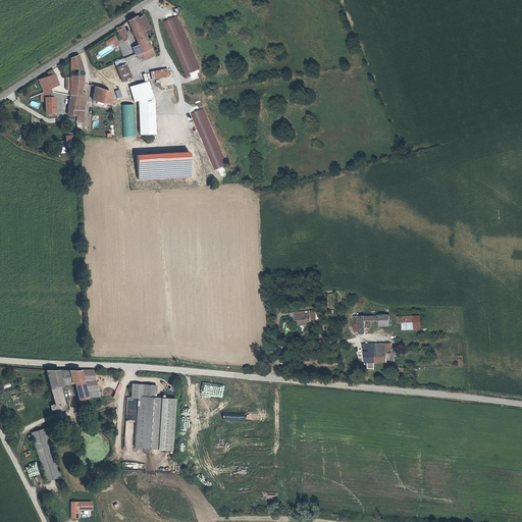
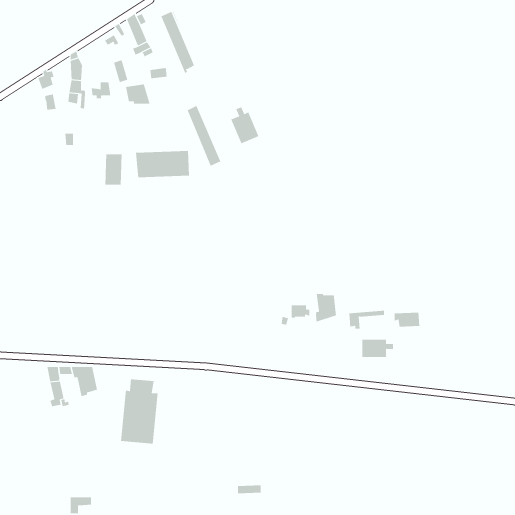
building: [135,106,153,138] -> [104,154,123,185]
building: none -> [231,106,259,144]
building: none -> [316,293,337,322]
building: [156,398,175,451] -> none
building: [32,429,61,481] -> none

